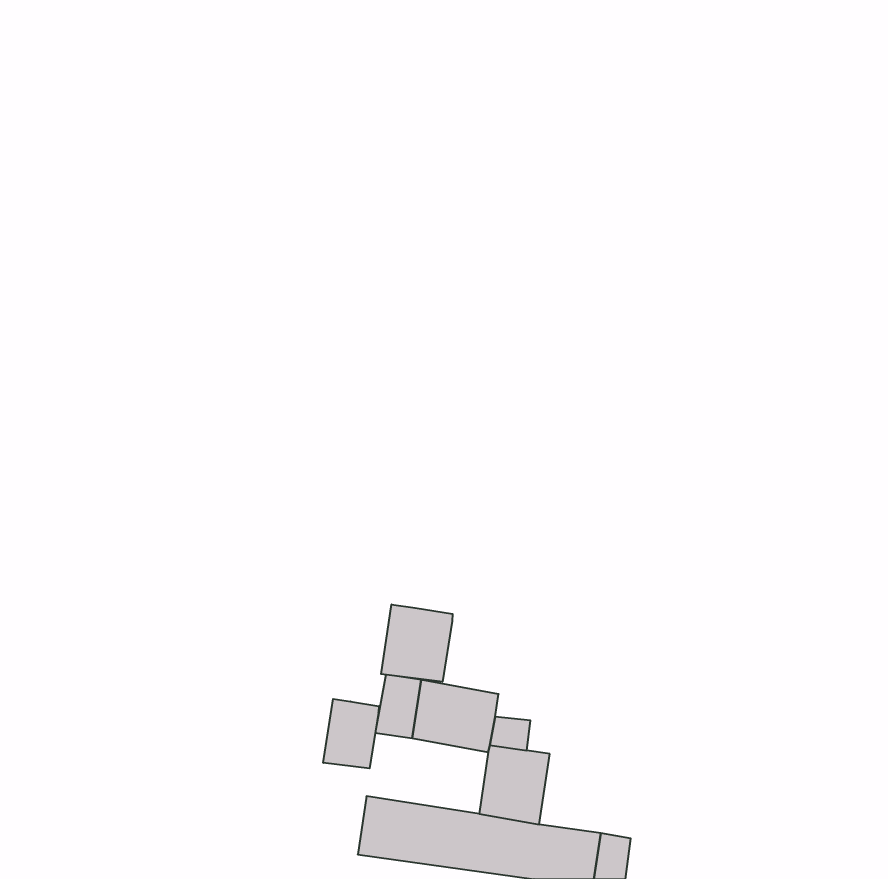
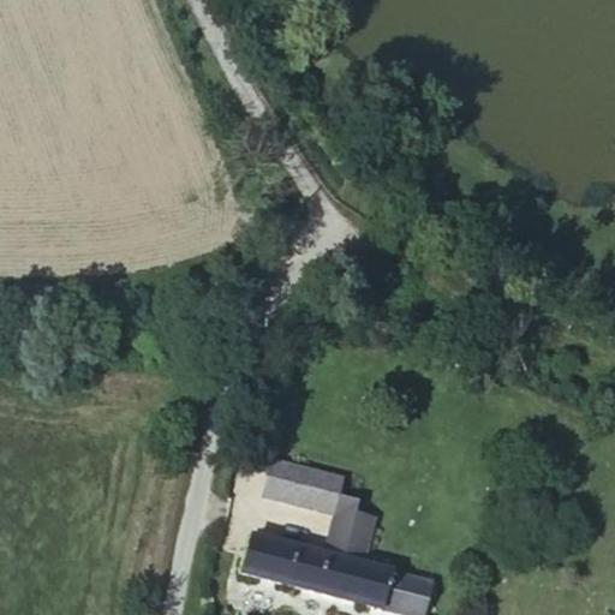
building: [381,604,453,682] -> none
building: [323,699,379,768] -> none

